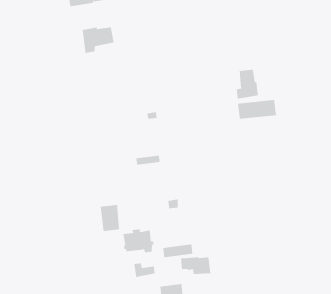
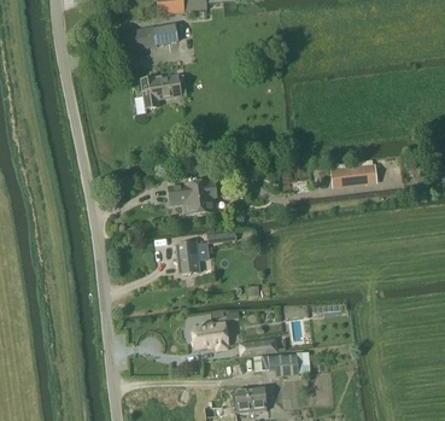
building: [236,69,258,99] -> none
building: none -> [169,180,217,215]
building: [100,205,120,232] -> [176,241,200,274]

